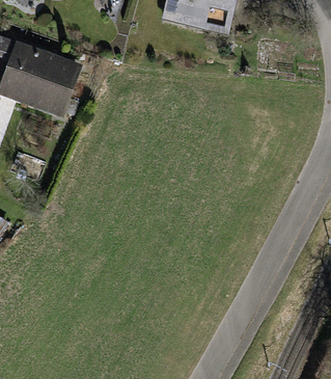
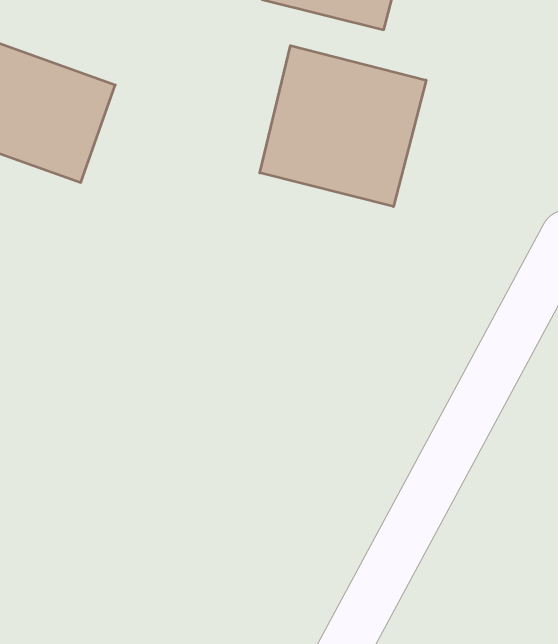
building: none -> [260,46,426,207]

